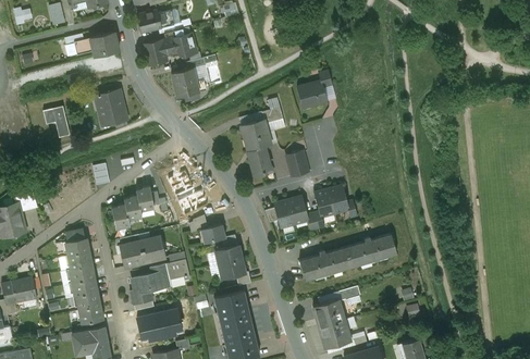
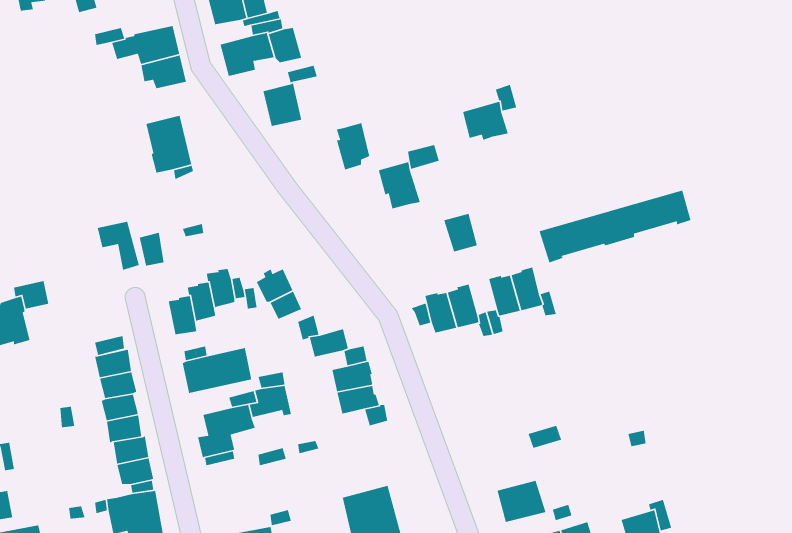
building: [42,107,70,138] -> [97,221,140,271]
building: [248,146,270,176] -> [336,122,370,170]
building: [299,234,396,281] -> [538,189,692,263]
building: [10,277,36,301] -> none
building: [213,292,250,331] -> none
building: [312,299,344,326] -> none
building: [145,311,171,339] -> none

